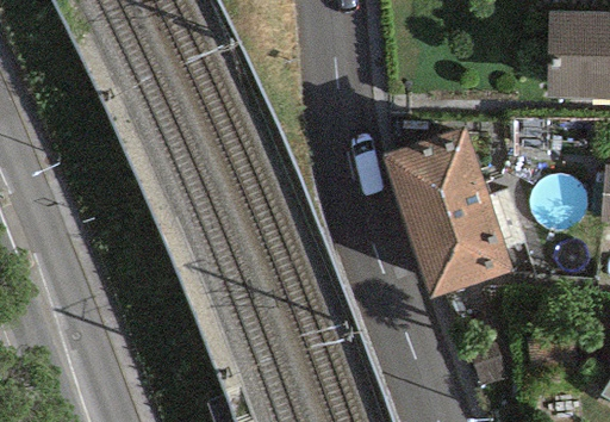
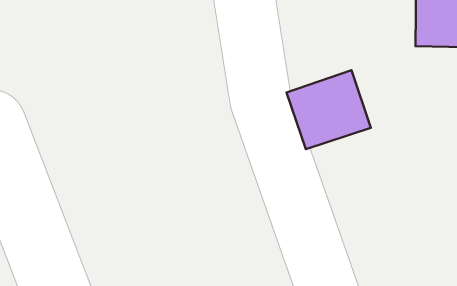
building: [407,201,515,299] -> none

